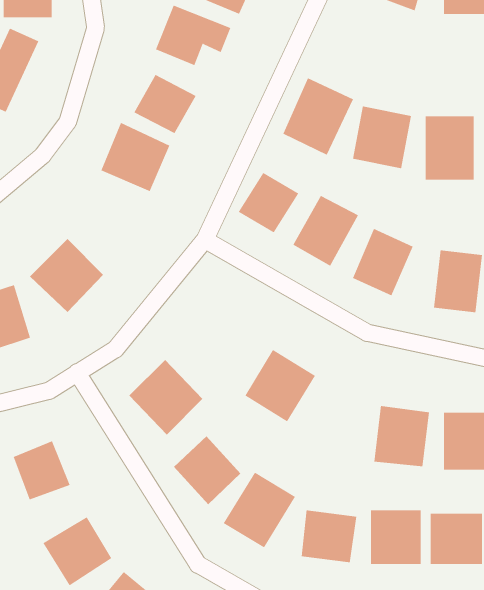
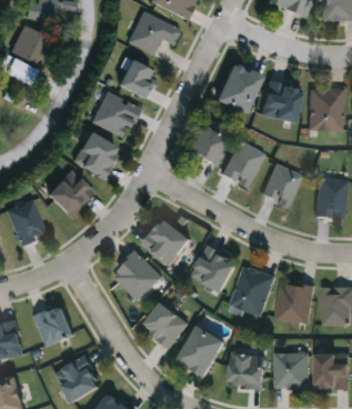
building: none -> [72,132,119,178]
building: none -> [141,217,190,266]
building: none -> [230,265,274,316]

